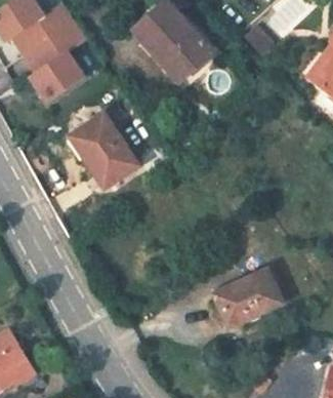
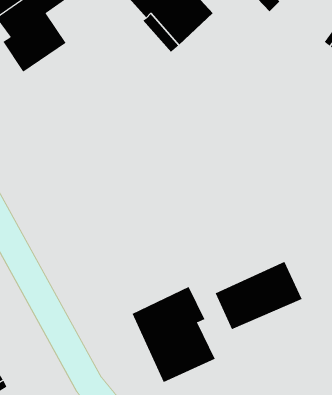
building: [72,111,136,188] -> none
building: none -> [132,286,215,383]

